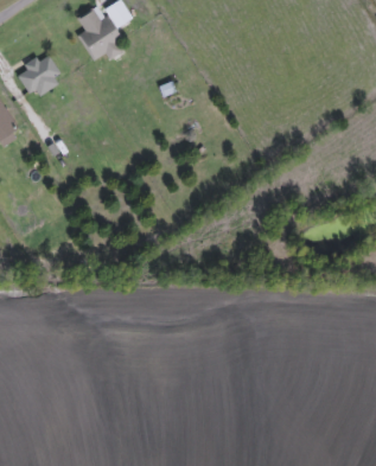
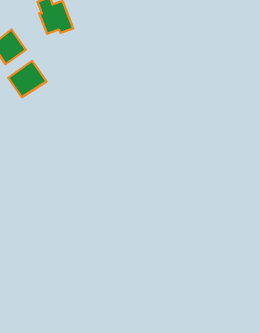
building: none -> [8,61,47,97]

